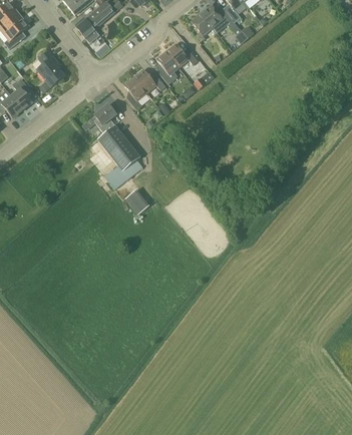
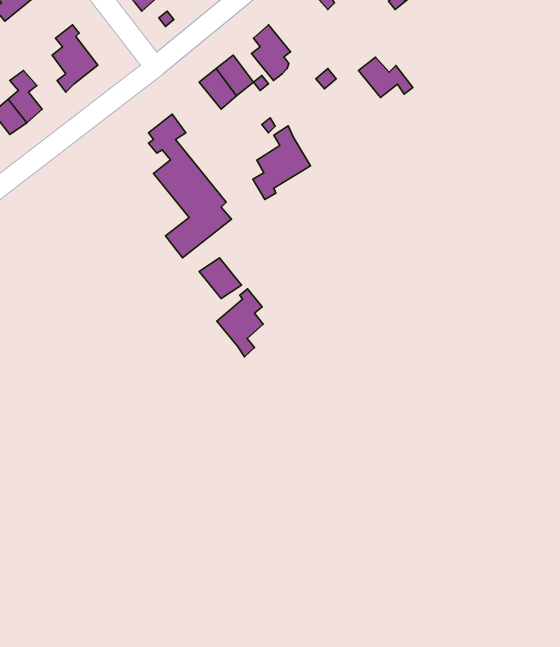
building: [165,42,198,66] -> [359,57,413,98]
building: none -> [253,126,310,200]
building: none -> [217,289,263,357]

